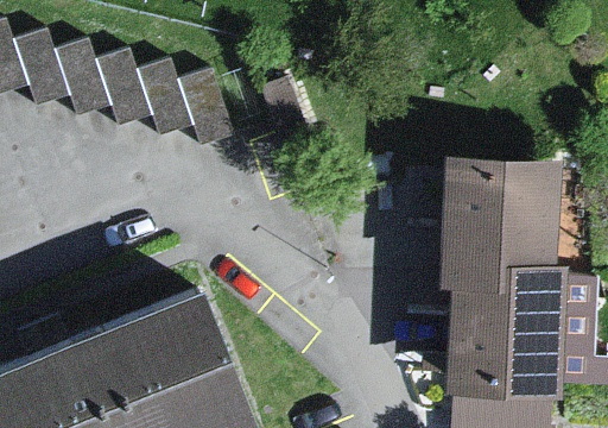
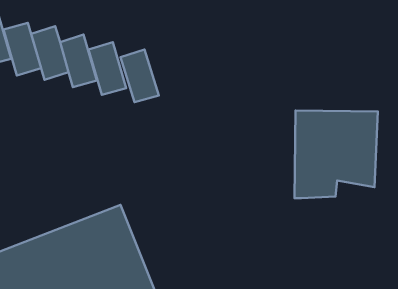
building: [443,262,575,405] -> none

